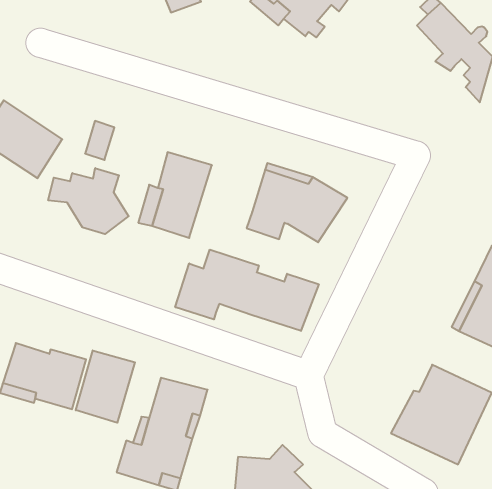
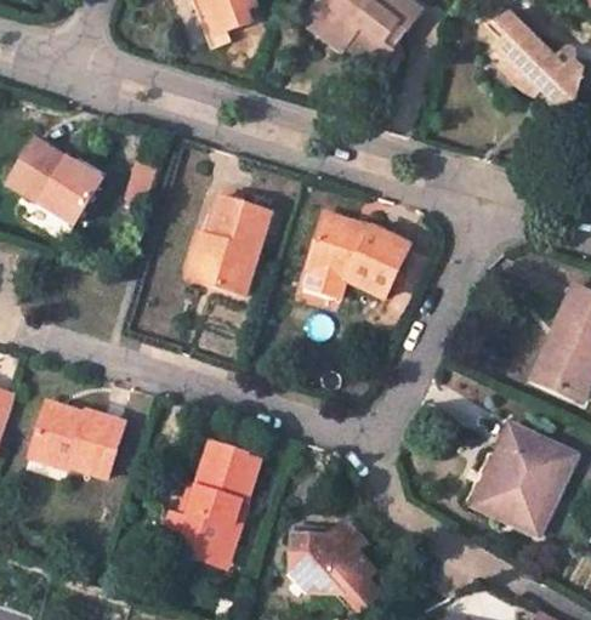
building: [48,168,129,234] -> none
building: [175,250,319,331] -> none
building: [76,350,135,423] -> none

